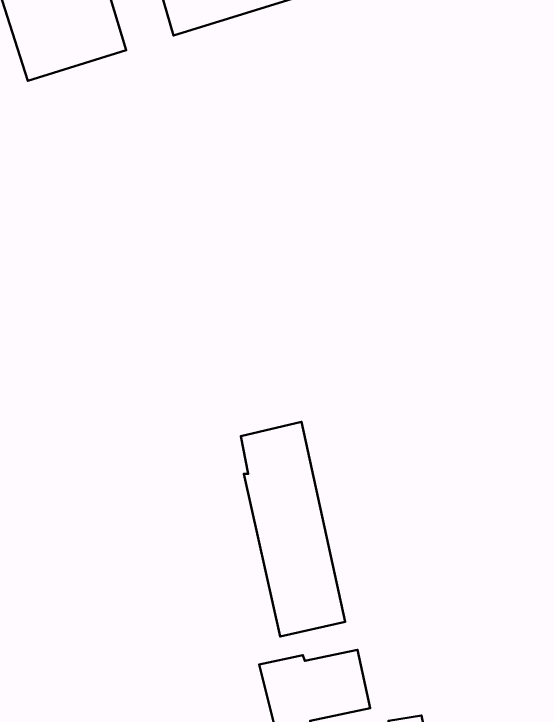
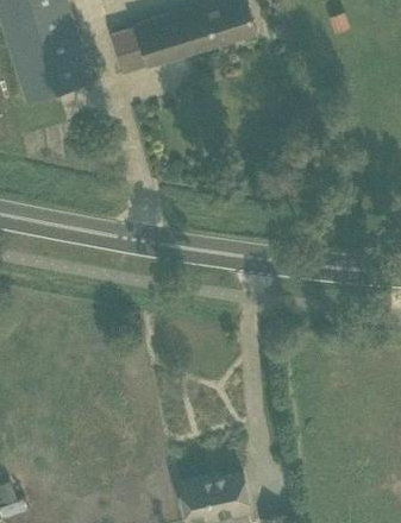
building: [241,422,345,636] -> none

